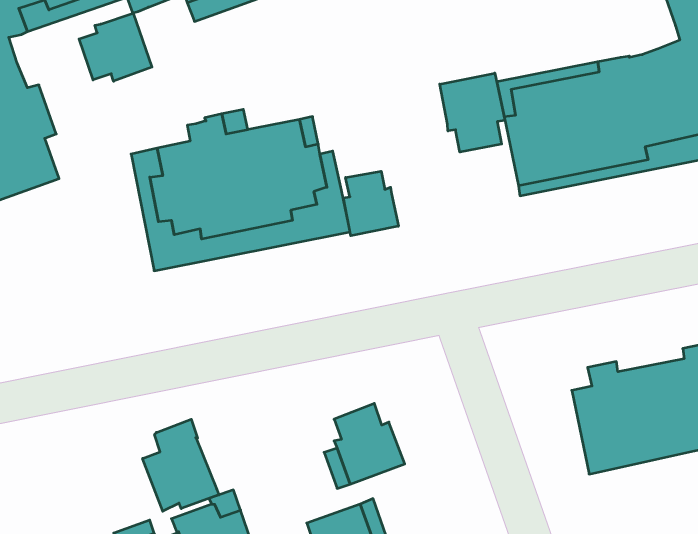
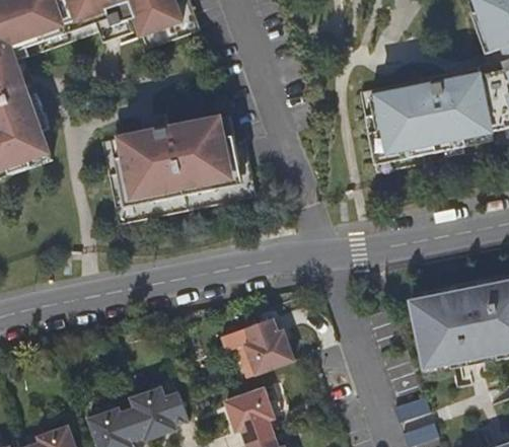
building: [79,13,152,81] -> none
building: [440,73,505,152] -> none
building: [344,171,398,236] -> none
building: [143,419,219,511] -> none

